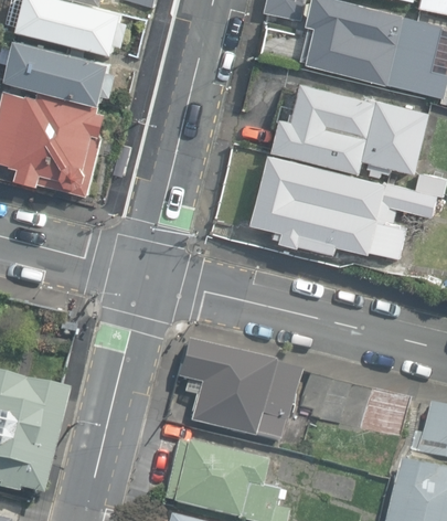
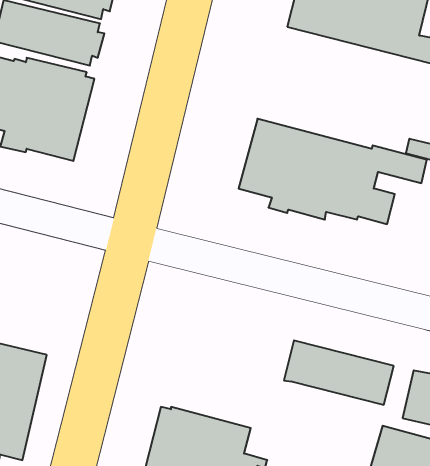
building: [273,82,432,174] -> none
building: [159,338,296,442] -> none

